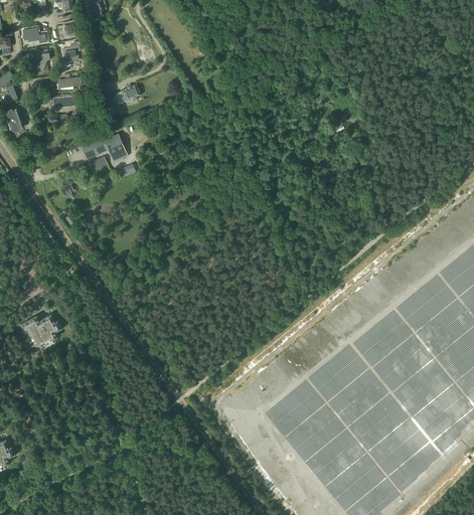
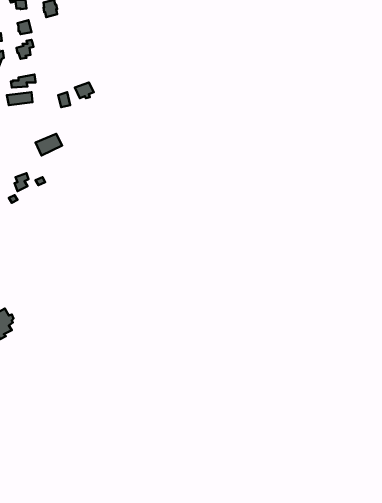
building: [102,134,127,162] -> none

